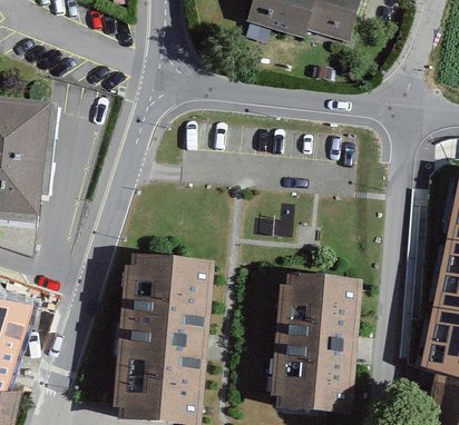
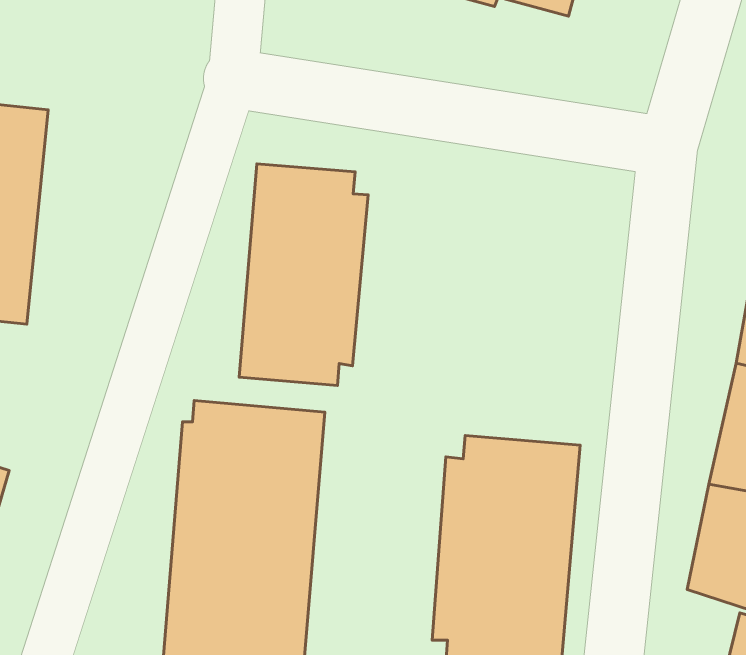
building: none -> [239,164,368,385]

